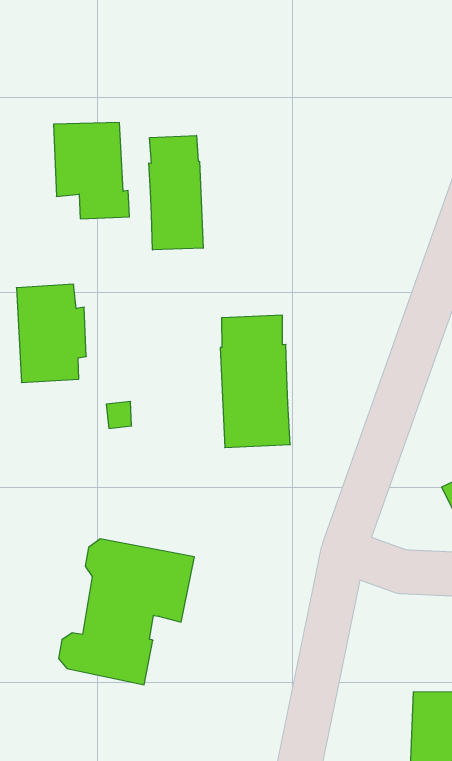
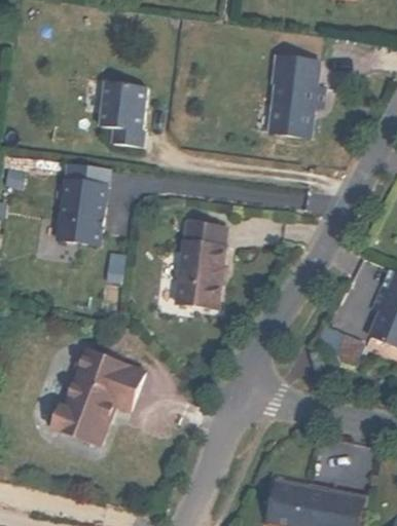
building: none -> [270,60,325,141]
building: [149,135,203,250] -> none

